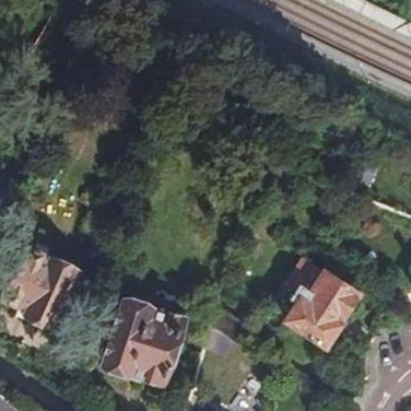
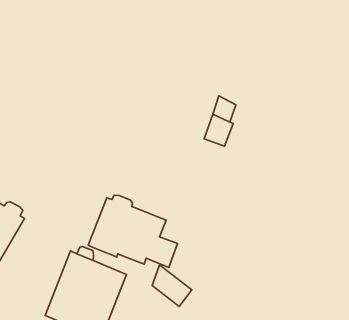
building: none -> [88,195,178,268]
building: [287,265,360,349] -> none

